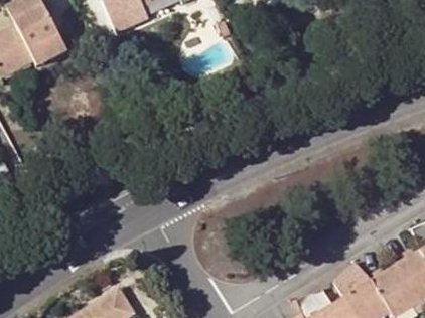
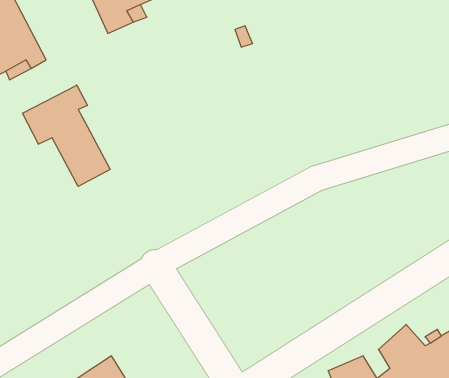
building: none -> [23,85,110,186]

